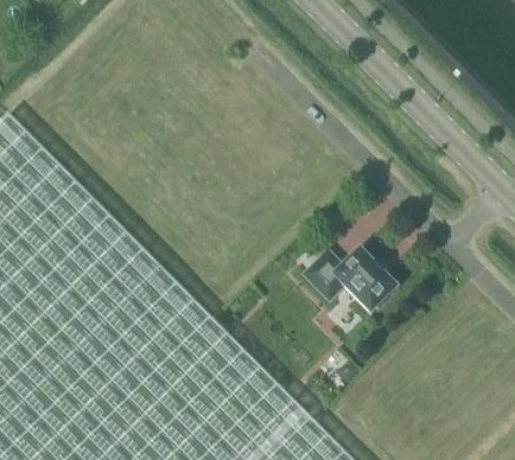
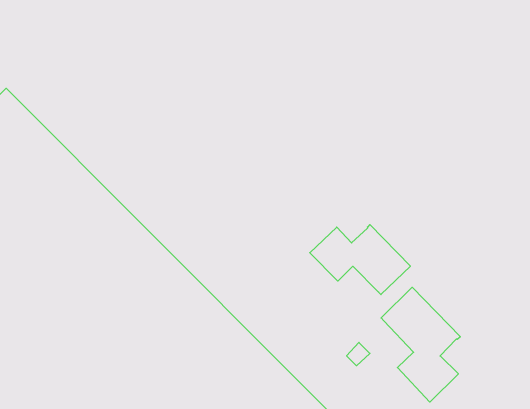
building: none -> [381,287,460,402]

